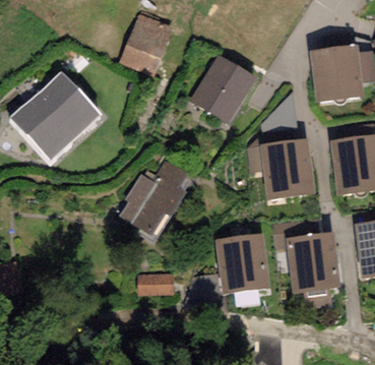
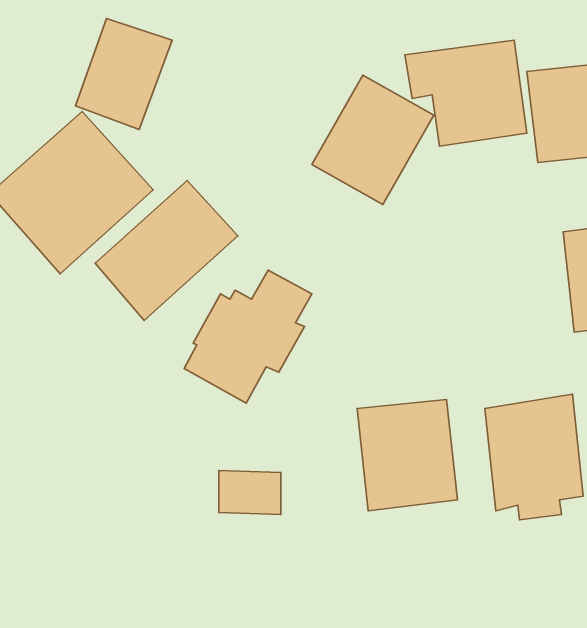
building: [120,14,174,76] -> [75,18,172,130]
building: none -> [95,180,238,320]
building: [247,140,315,199] -> [405,40,527,146]

